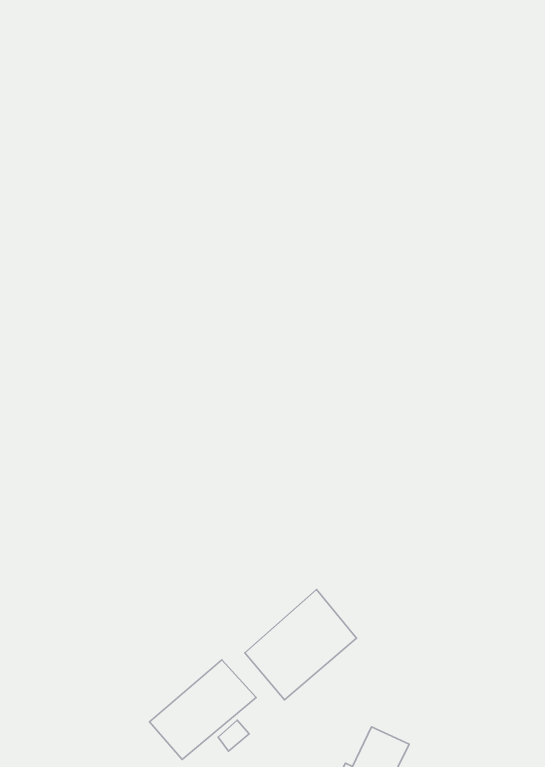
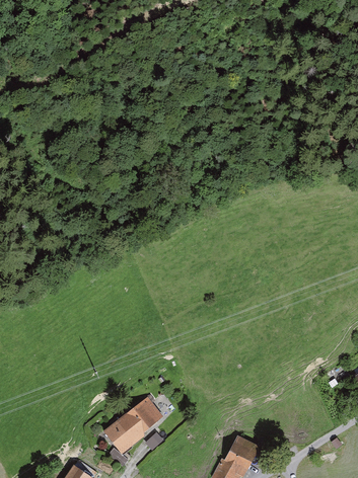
building: [245,590,356,700] -> none

